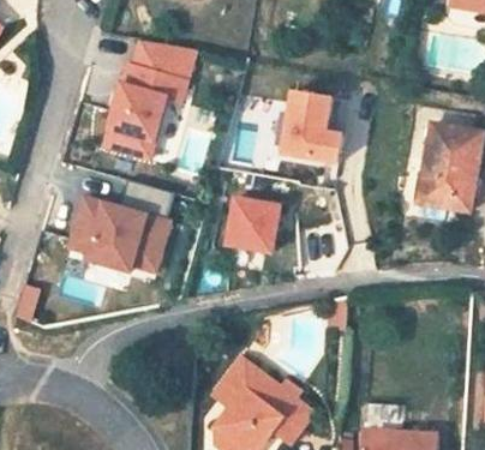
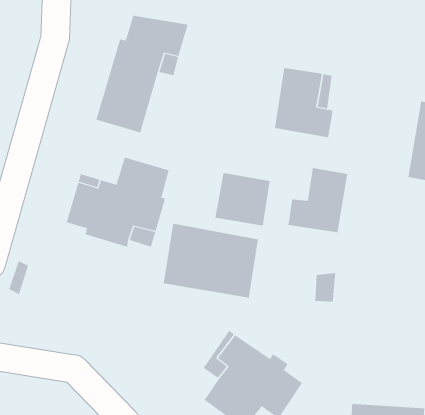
building: none -> [288,167,348,233]
building: none -> [163,223,258,299]

